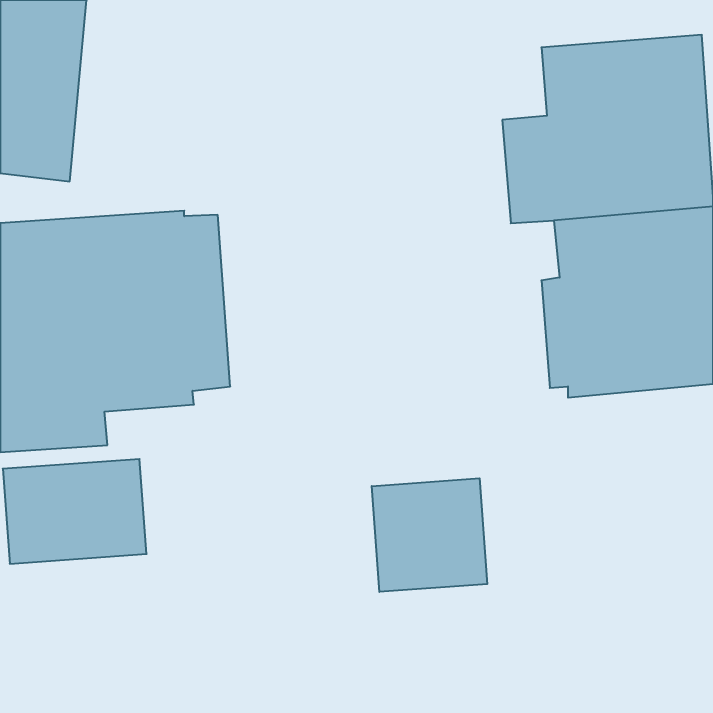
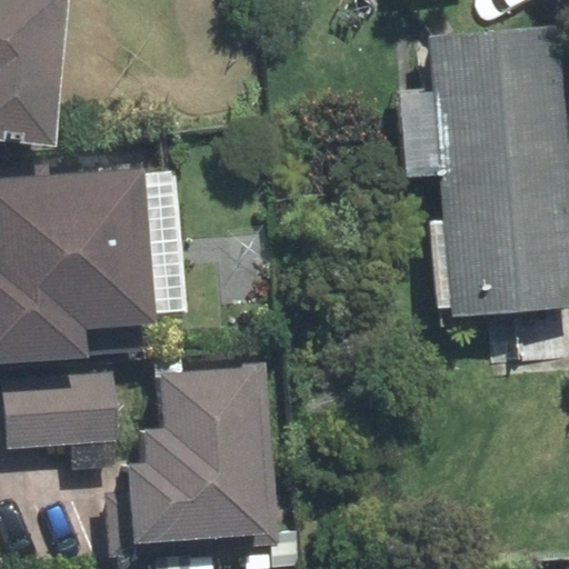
building: none -> [107,365,277,555]
building: [372,478,487,592] -> none

